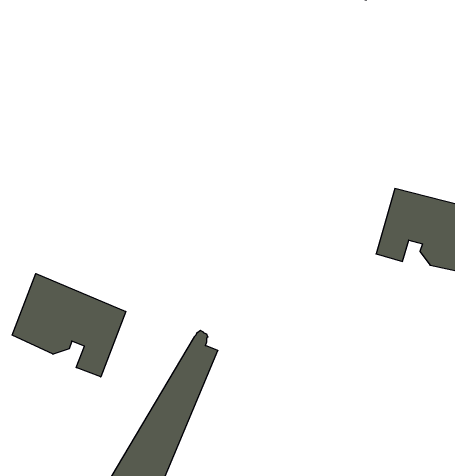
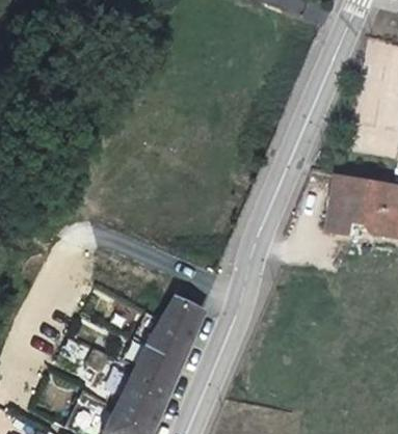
building: [12,274,126,377] -> none

